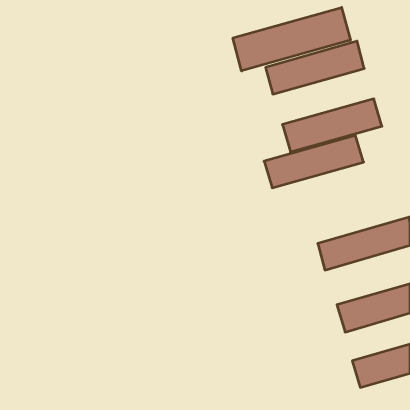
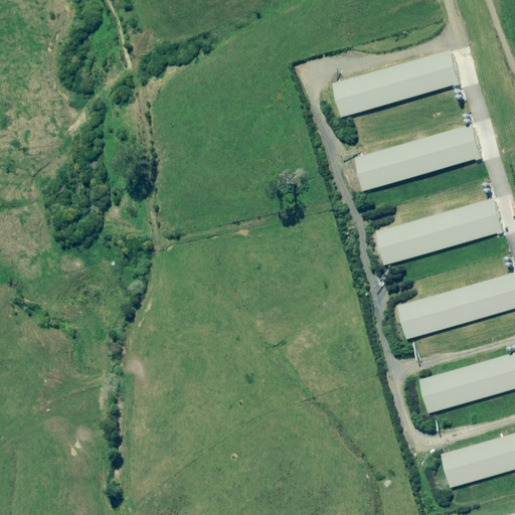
building: [233,7,350,71] -> none
building: [264,135,364,188] -> [378,199,503,265]

